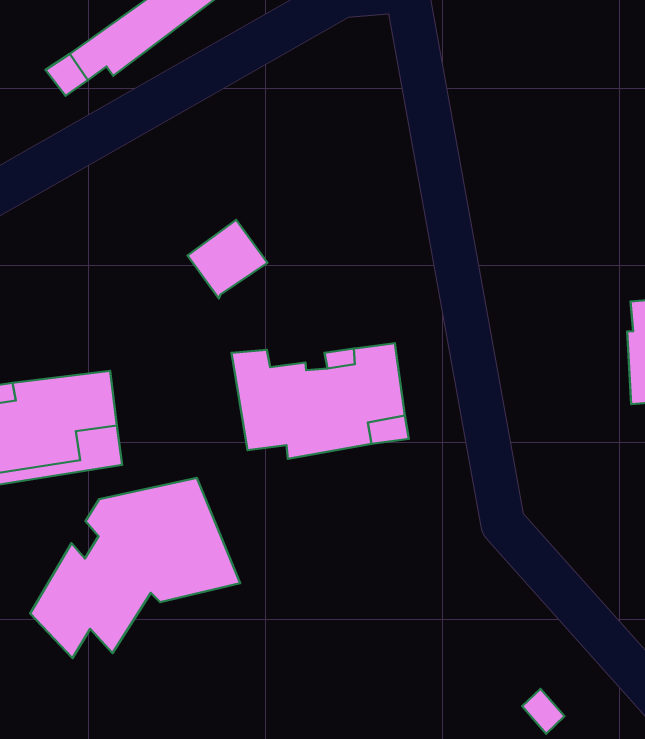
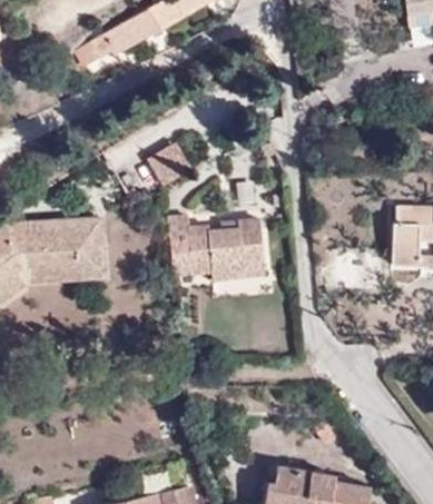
building: [30,478,240,658] -> none

